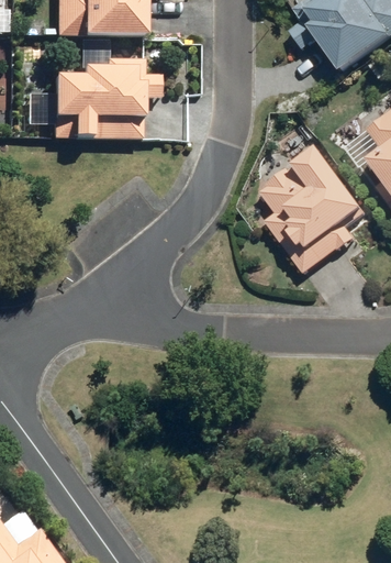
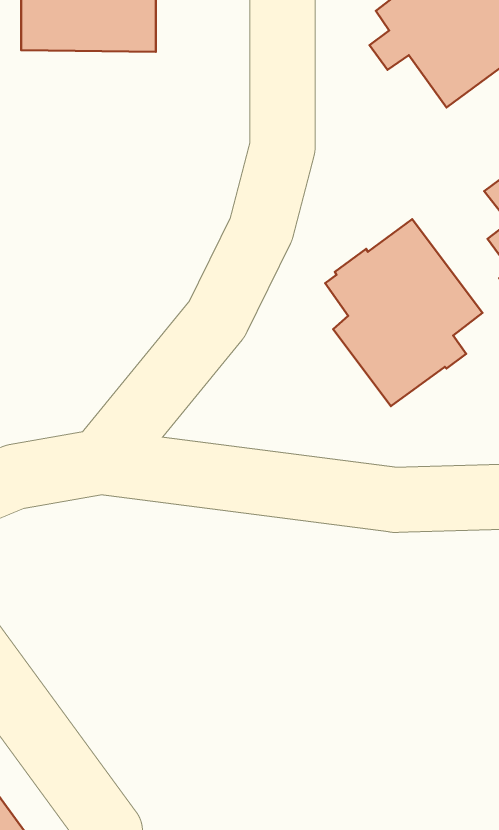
building: [52,57,158,136] -> none

